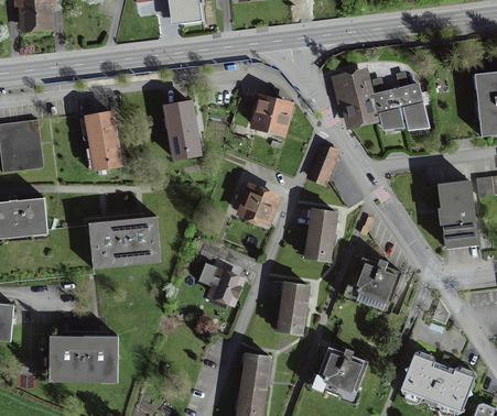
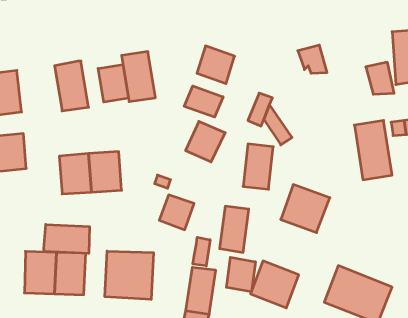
building: [332,72,375,124] -> none
building: [392,85,425,122] -> [366,62,394,94]
building: none -> [98,64,128,102]
building: none -> [184,86,223,117]
building: none -> [44,224,89,253]
building: none -> [193,237,210,266]
building: none -> [105,251,153,299]
building: none -> [226,257,255,292]

